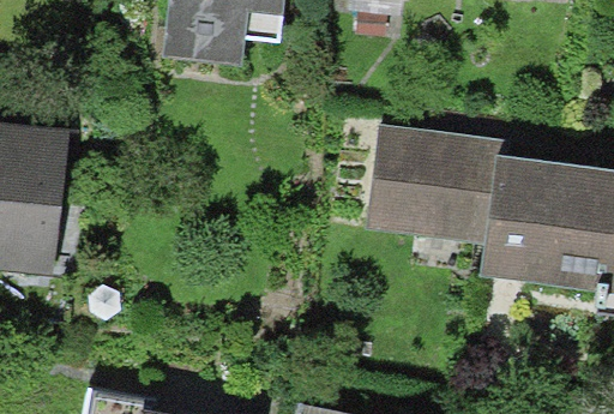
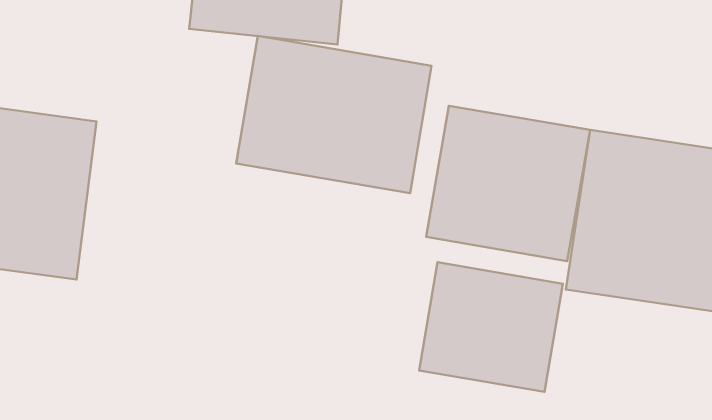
building: none -> [236,36,432,193]
building: none -> [419,262,563,392]

